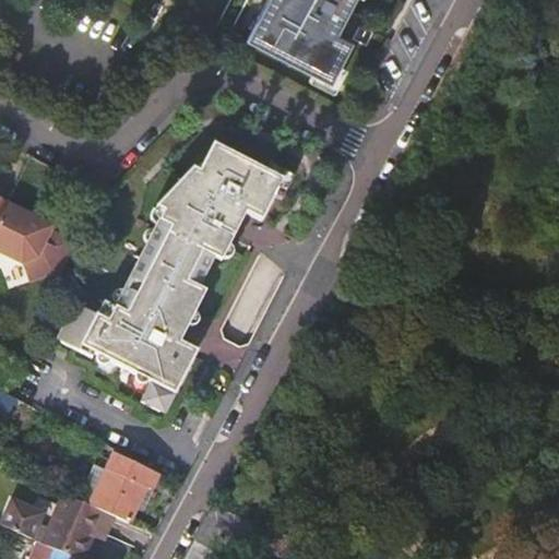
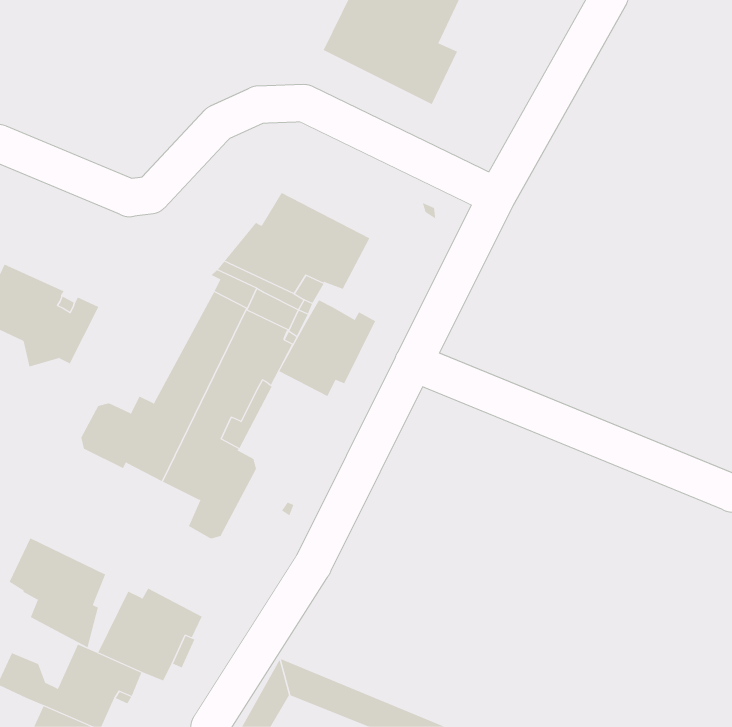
building: none -> [279,300,376,397]
building: none -> [9,537,106,648]

